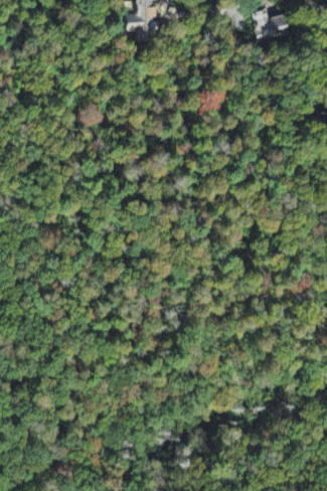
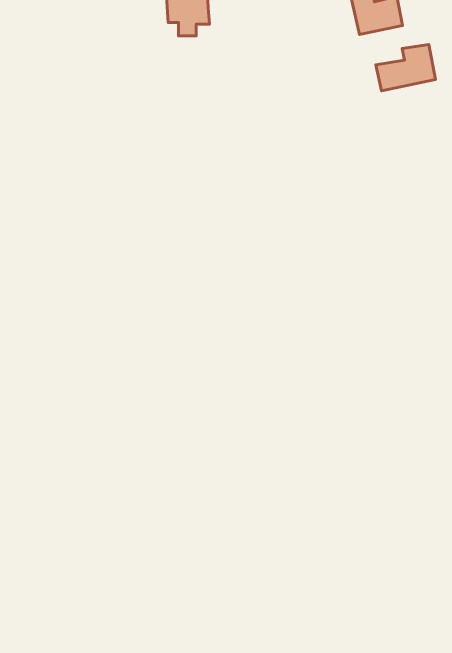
building: none -> [376,44,435,91]

